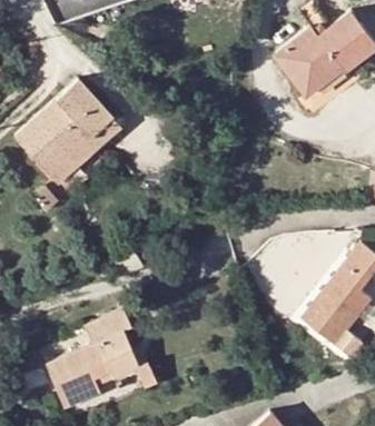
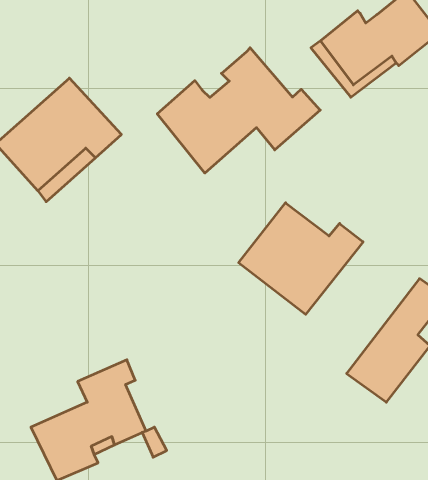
building: none -> [157,48,320,173]
building: none -> [239,203,363,314]

